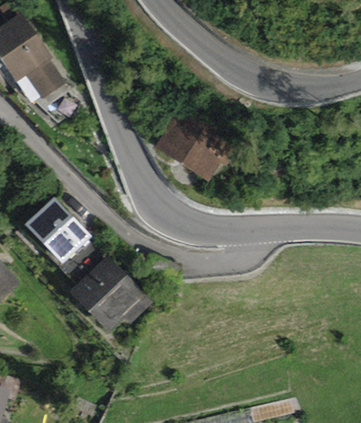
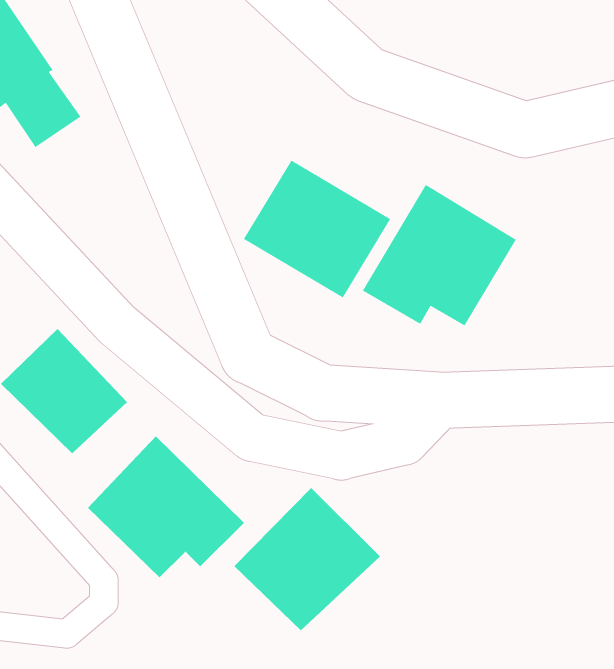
building: none -> [362,184,517,326]
building: none -> [233,487,381,631]

